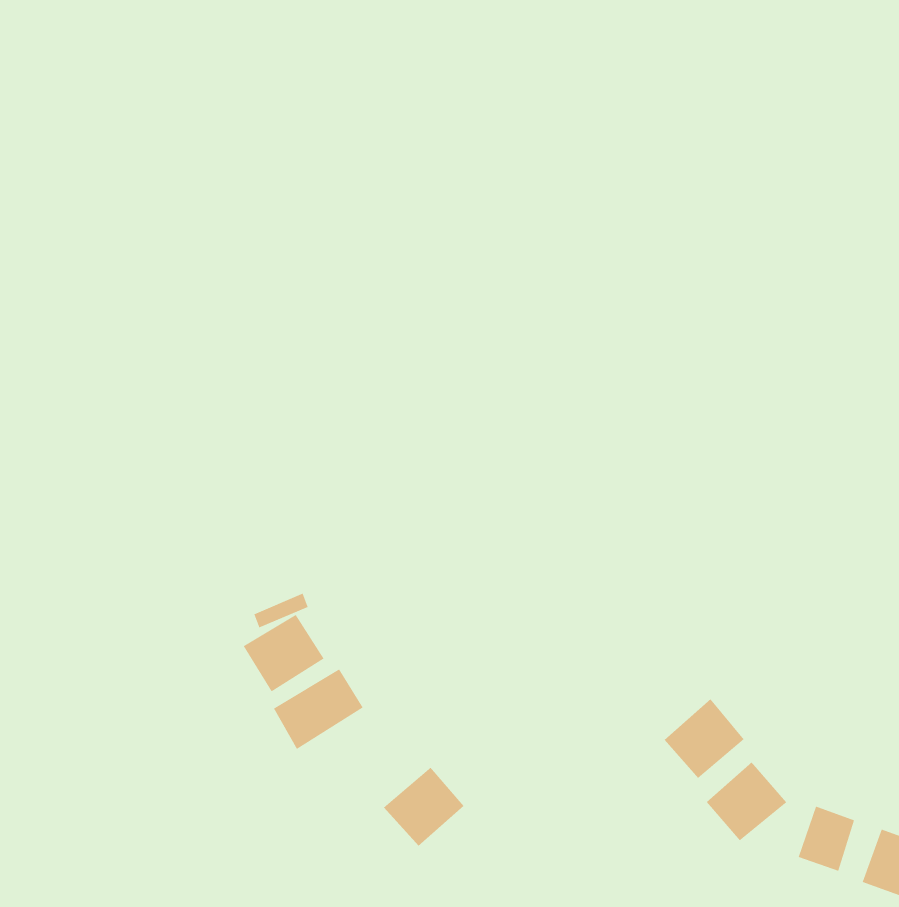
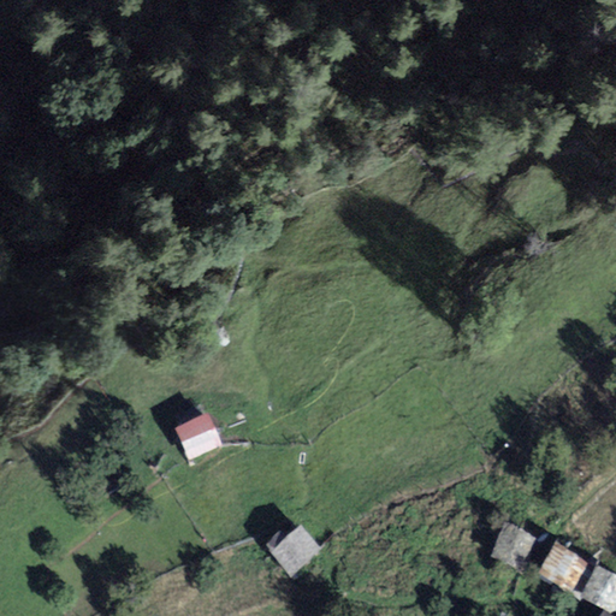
building: [273,668,364,750] -> none
building: [664,699,744,779] -> none

